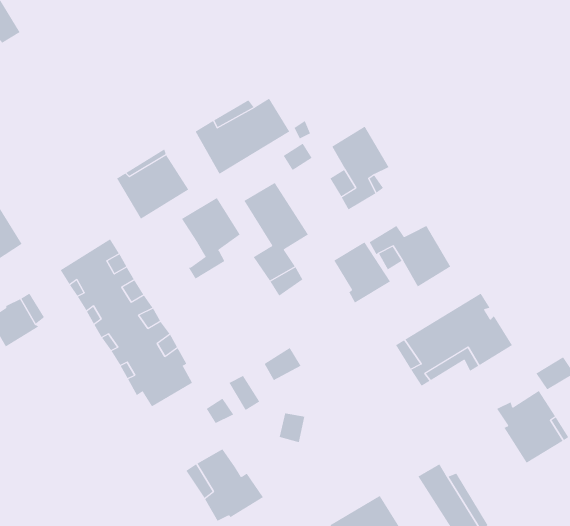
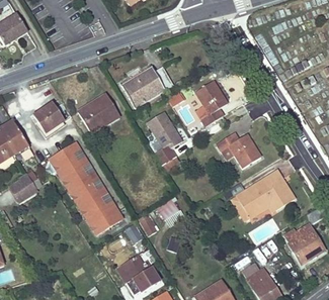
building: none -> [34,104,63,132]
building: [181,197,241,279] -> none
building: [334,241,391,304] -> none

